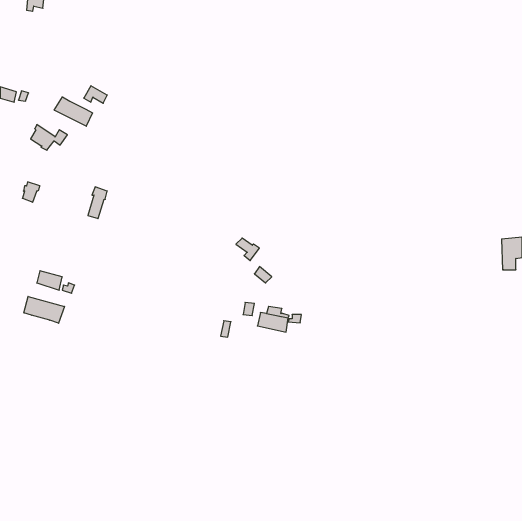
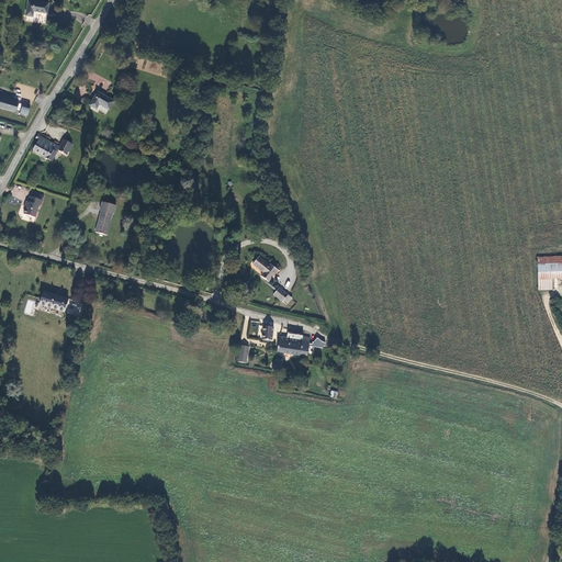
building: [54,97,93,126] -> none
building: [24,296,64,323] -> none

